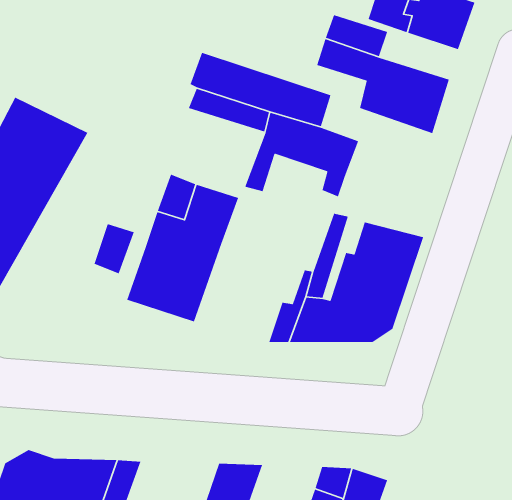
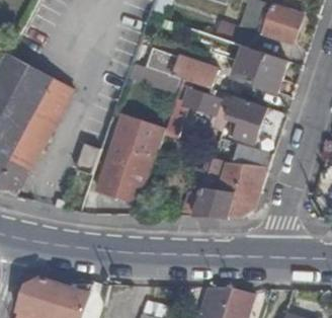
building: none -> [226,95,266,143]

